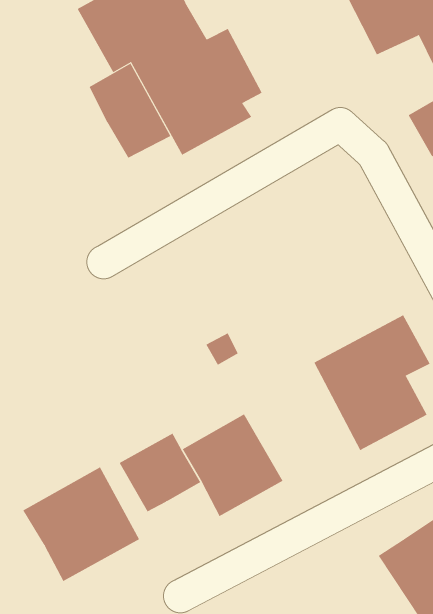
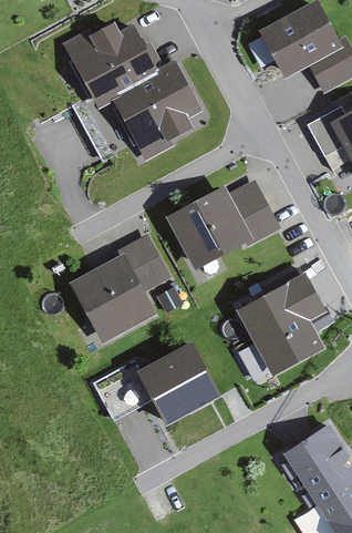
building: none -> [167,178,278,268]
building: none -> [71,235,168,341]
building: [23,466,140,582] -> none

